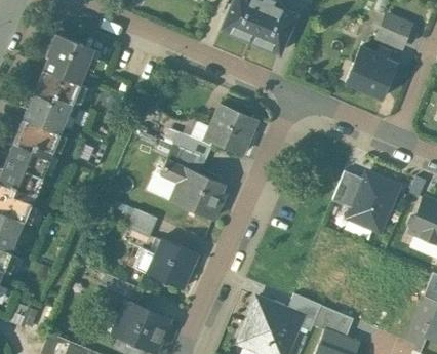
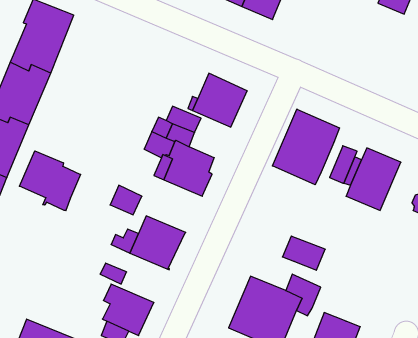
building: [351,49,398,100] -> none
building: none -> [272,109,340,185]
building: none -> [19,151,81,211]
building: [316,305,356,337] -> [282,236,325,270]

